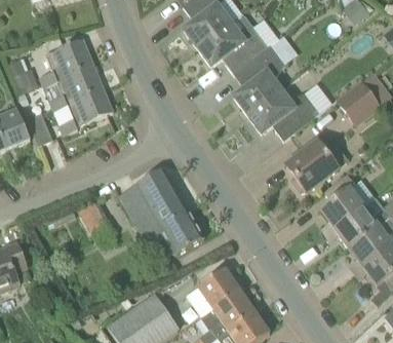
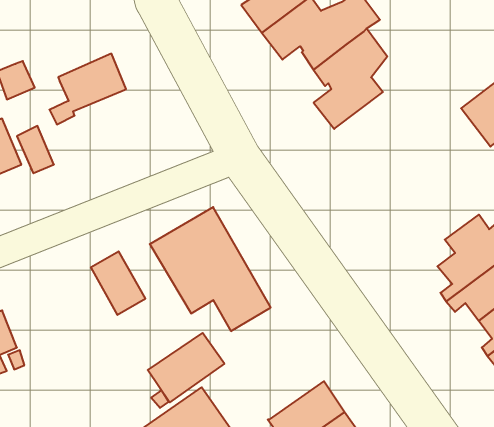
building: [39,38,92,87] -> none
building: [54,86,113,134] -> none
building: [247,88,319,140] -> none
building: [285,134,338,192] -> none
building: [187,268,240,316] -> [148,333,224,402]

